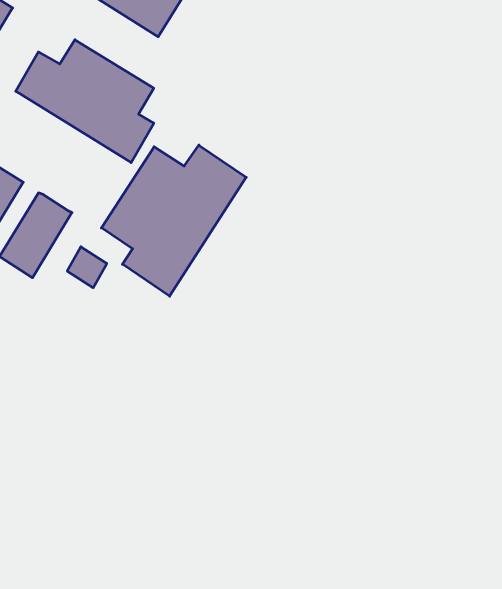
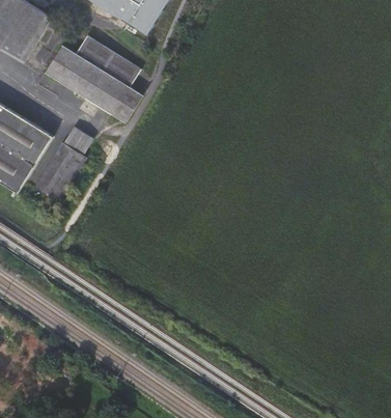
building: [101,145,246,296] -> none
building: [67,247,107,288] -> [66,128,93,156]

